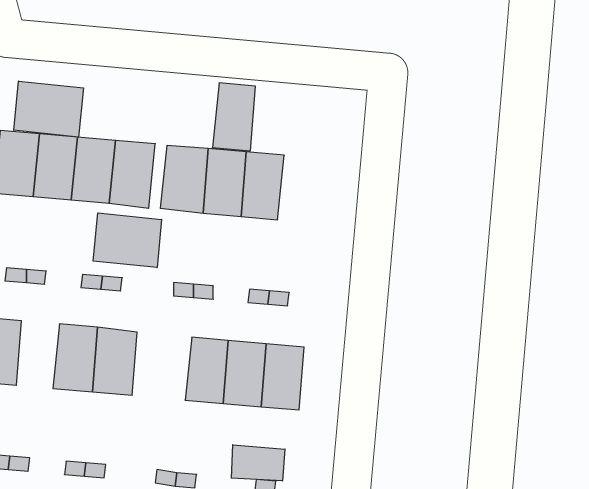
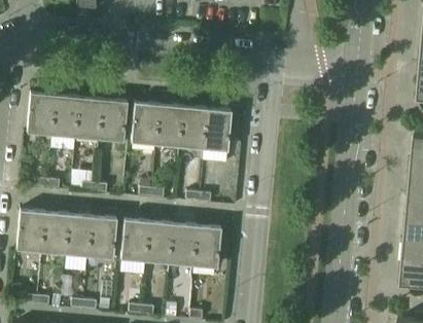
building: [14,81,83,137] -> none
building: [212,83,255,151] -> [204,109,231,151]
building: [93,213,162,268] -> none
building: none -> [41,212,68,254]
building: none -> [120,219,150,261]
building: [231,445,285,481] -> none

